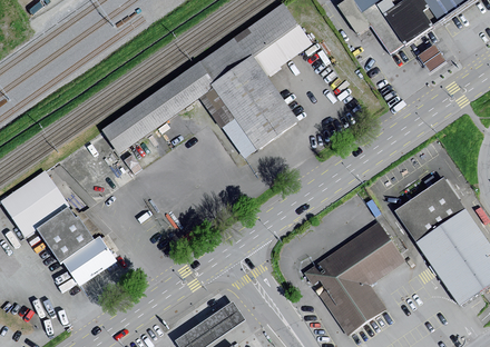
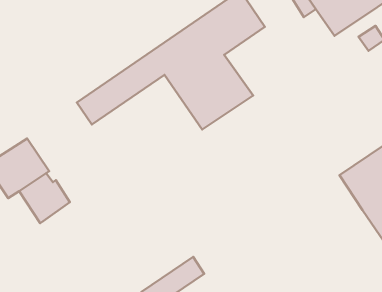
building: [304,220,406,336] -> none
building: [63,237,115,284] -> none

